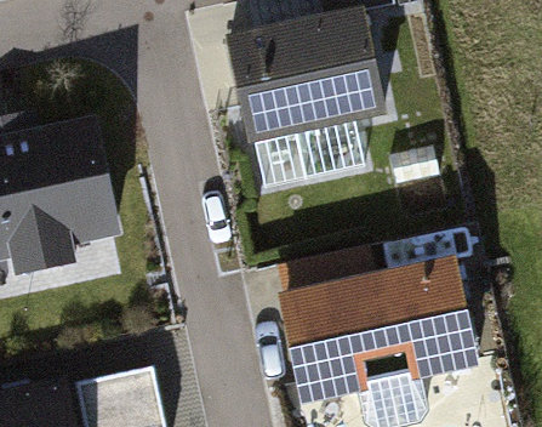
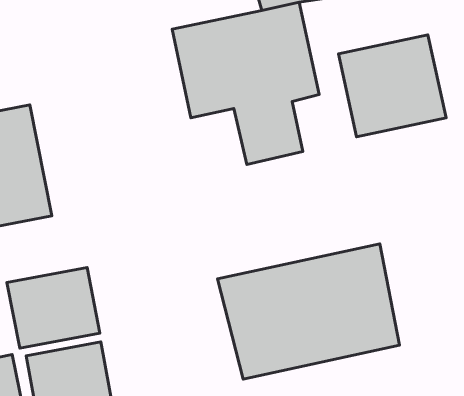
building: none -> [339,35,446,137]
building: none -> [7,267,100,348]

